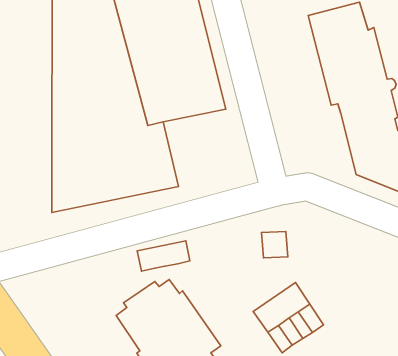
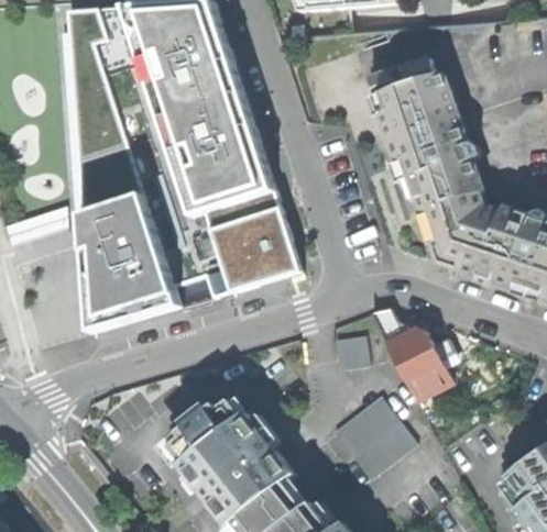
building: none -> [208,197,305,291]
building: none -> [369,310,450,400]
building: [137,241,190,271] -> none

